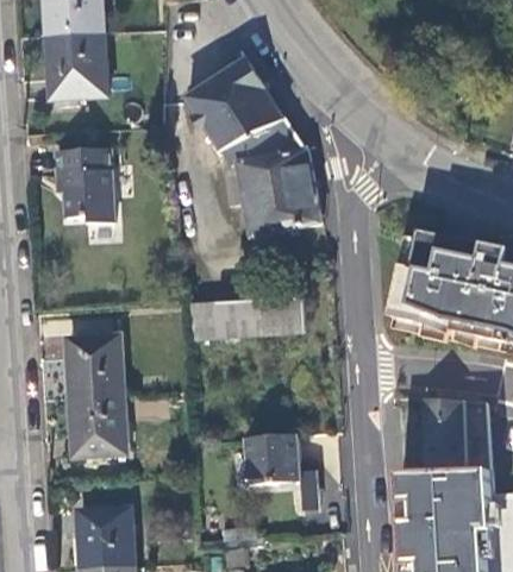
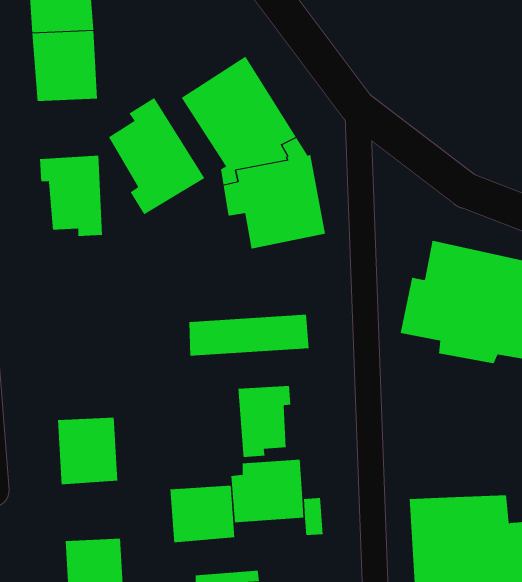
building: none -> [108,97,205,215]
building: [65,334,123,396] -> none
building: none -> [238,385,291,458]
building: [421,397,489,469] -> none
building: none -> [170,485,235,543]

